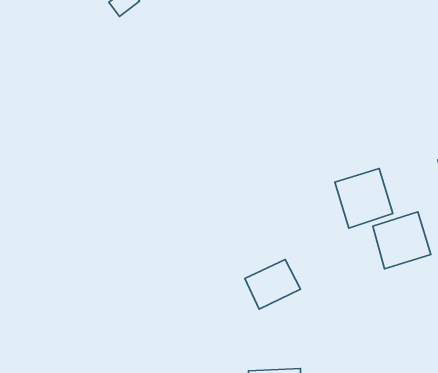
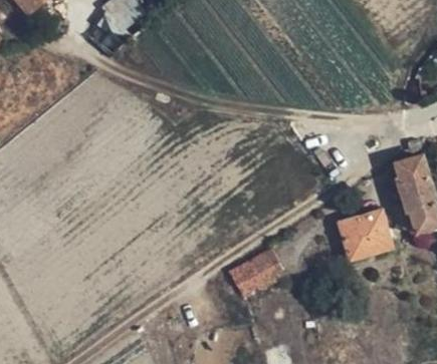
building: [335,168,393,228] -> none

